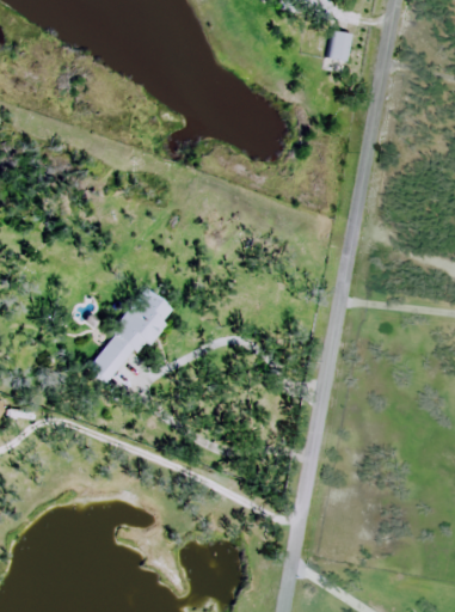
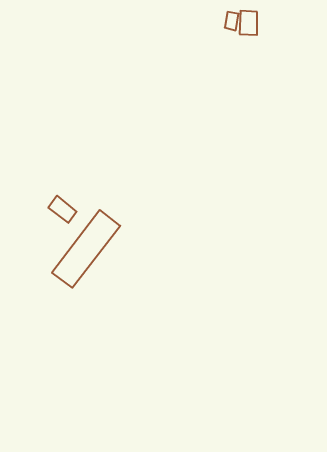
building: none -> [48,196,77,223]

